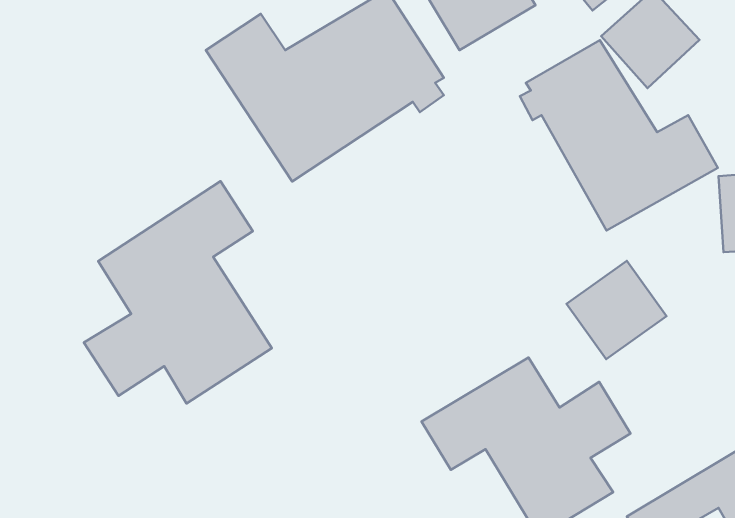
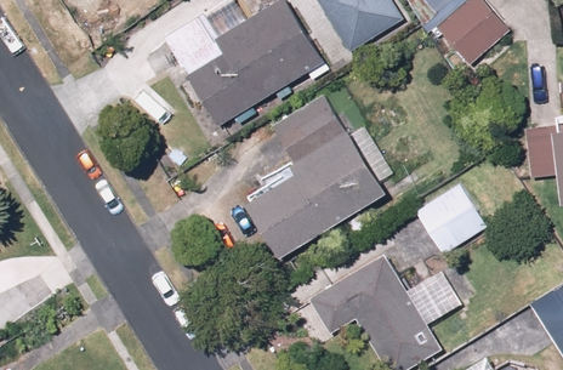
building: [520,40,718,230] -> none
building: none -> [245,93,393,256]
building: [84,181,272,403] -> none

